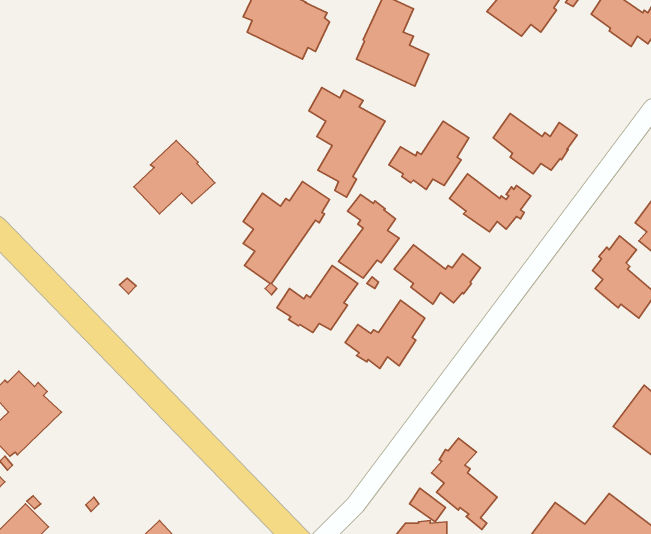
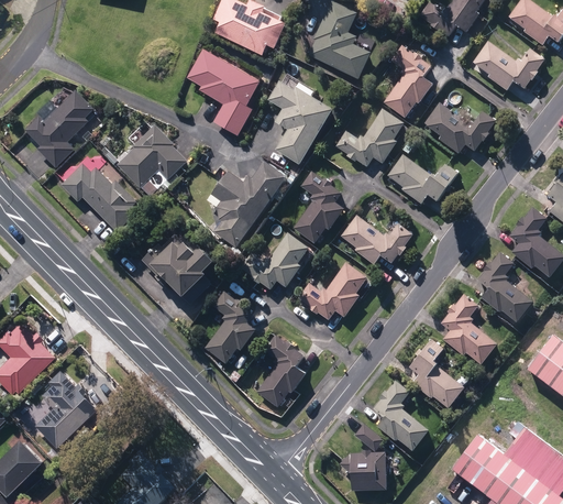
building: none -> [472,41,545,91]
building: none -> [383,45,432,118]
building: none -> [187,51,260,136]
building: none -> [24,90,95,168]
building: none -> [60,163,140,232]
building: none -> [141,234,212,305]
building: none -> [476,252,532,322]
building: none -> [205,291,255,363]
building: none -> [440,294,497,365]
building: none -> [256,335,306,407]
building: none -> [408,339,464,408]
building: none -> [35,371,96,449]

